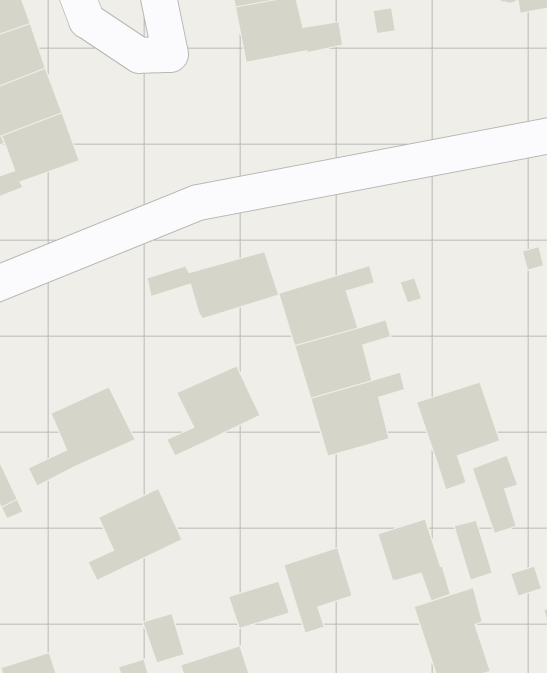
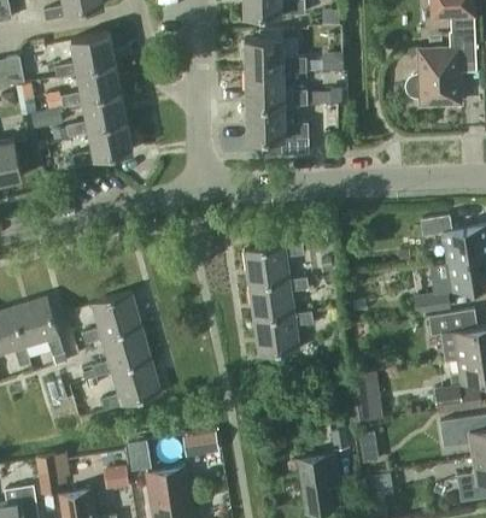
building: none -> [246,106,309,158]
building: [146,251,279,319] -> none
building: [166,366,260,456] -> [90,329,151,378]
building: [416,382,500,490] -> none
building: [378,519,451,601] -> none
building: [284,548,352,633] -> none

